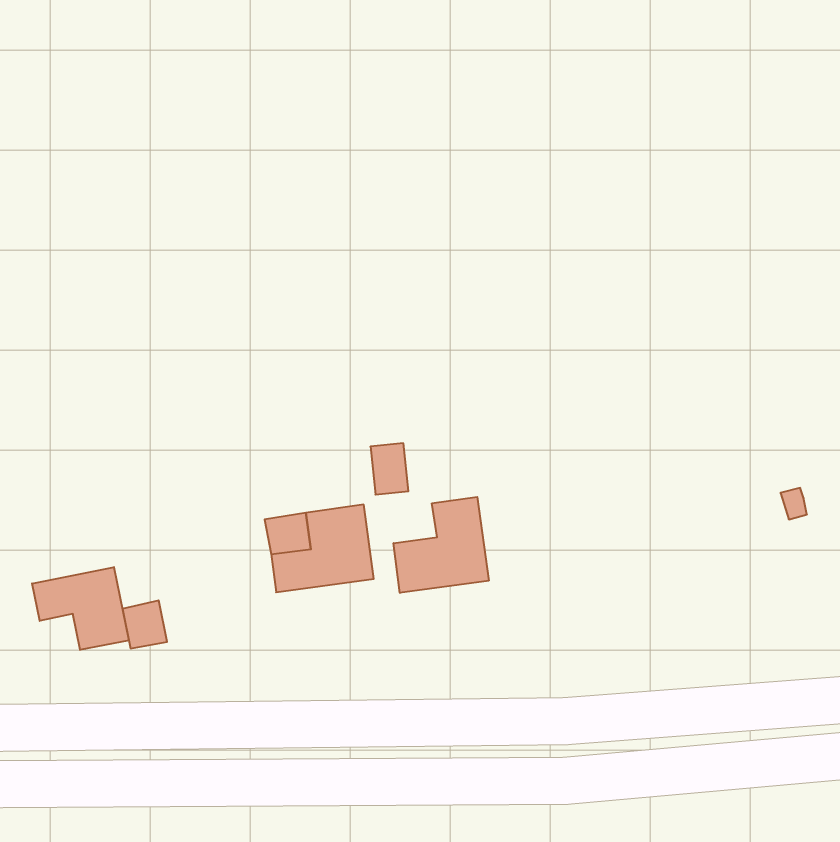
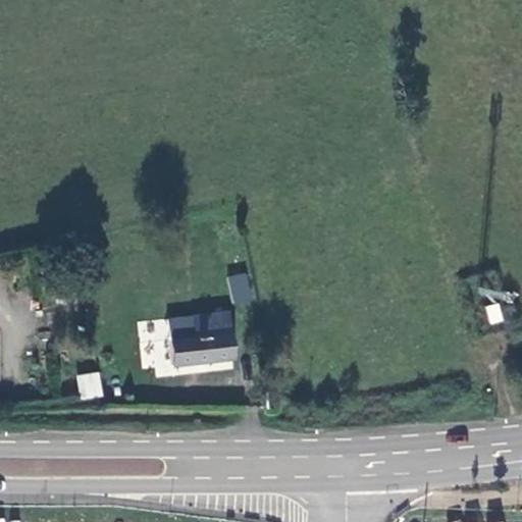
building: [394,497,489,593] -> none
building: [32,567,129,650] -> none

